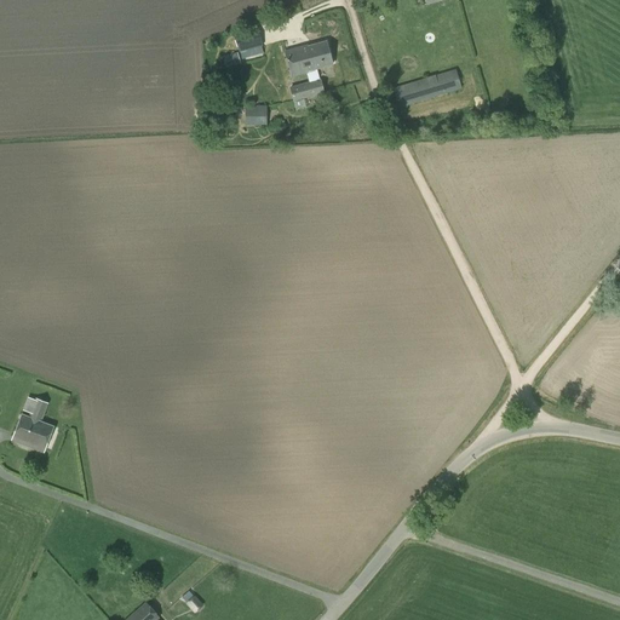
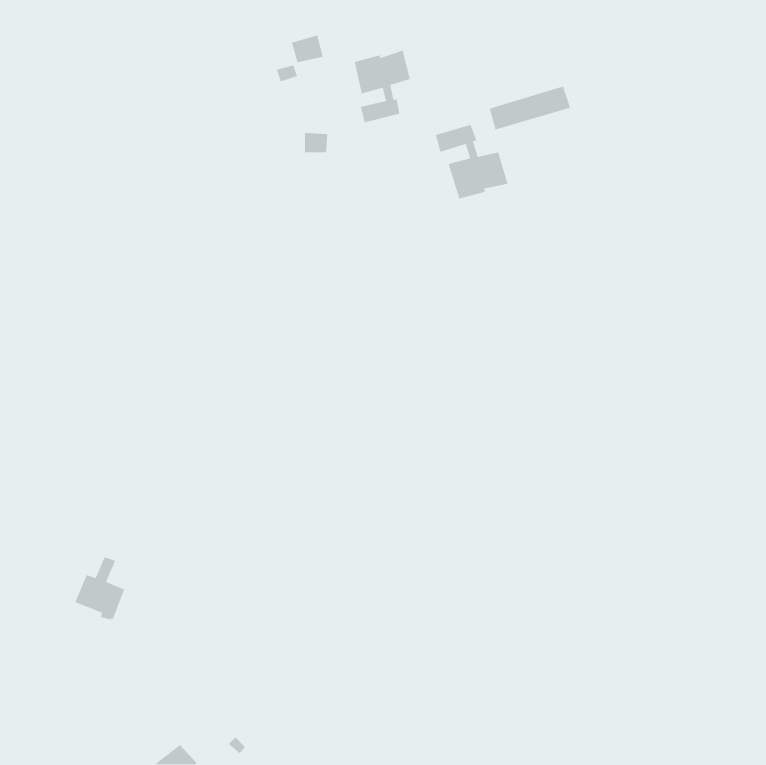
building: none -> [435,124,509,199]
building: [13,398,54,450] -> [74,556,125,621]

